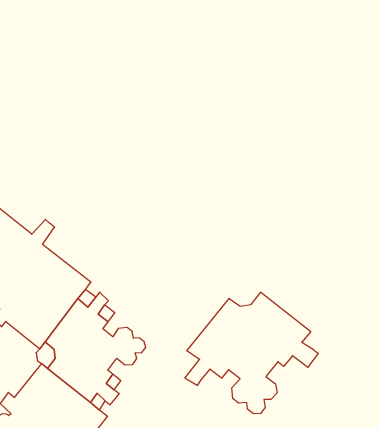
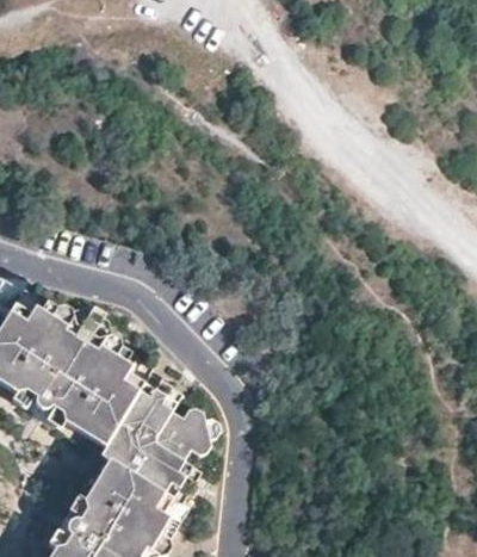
building: [185,292,318,414] -> none

